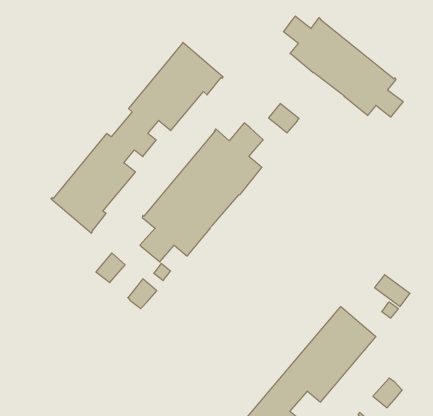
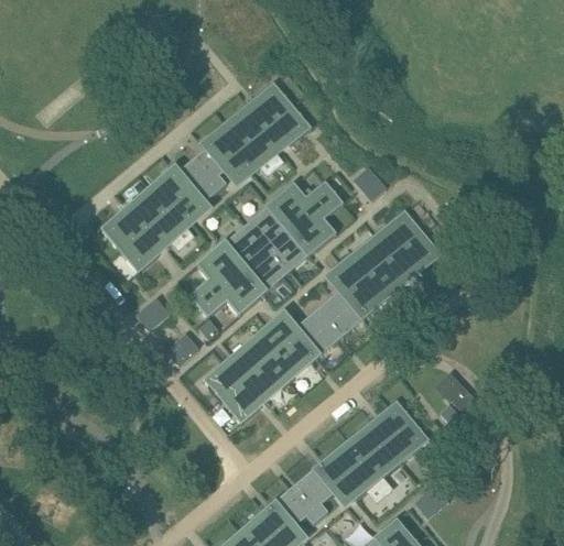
building: [284,16,403,117] -> none
building: none -> [203,210,442,424]

